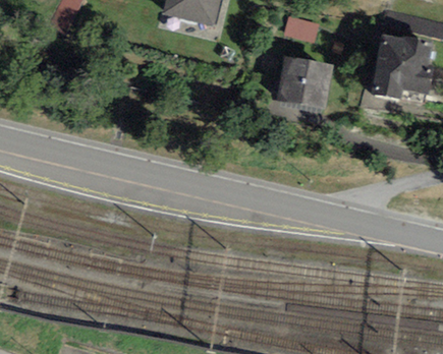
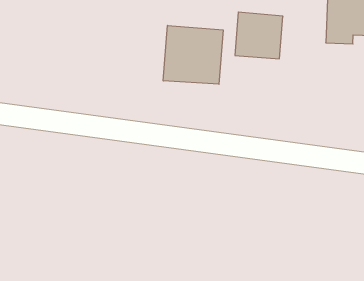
building: none -> [163,25,223,84]

